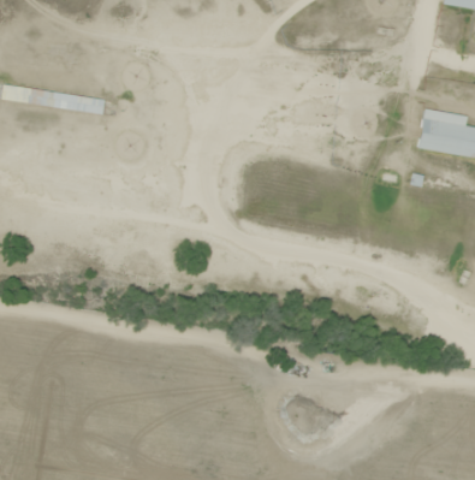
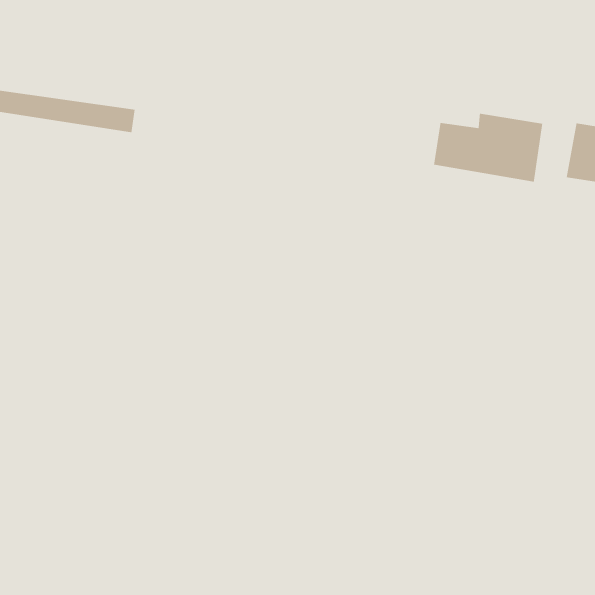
building: none -> [433,113,543,183]

